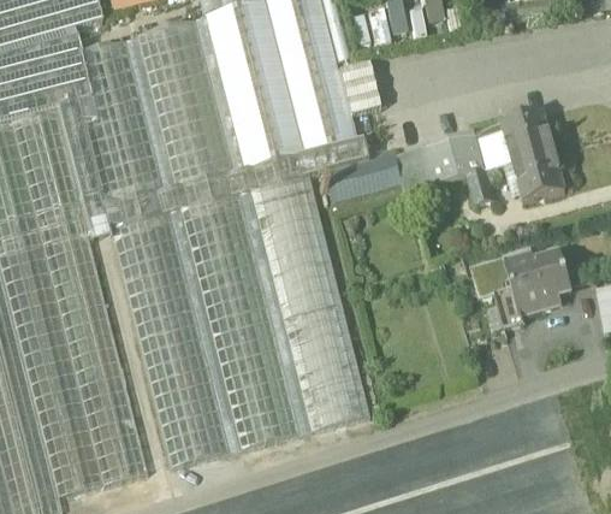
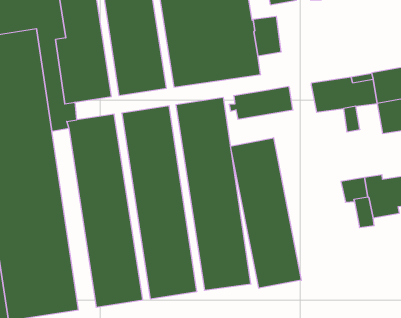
building: [115,138,367,224] -> none
building: [395,148,433,191] -> none
building: none -> [231,138,301,288]

